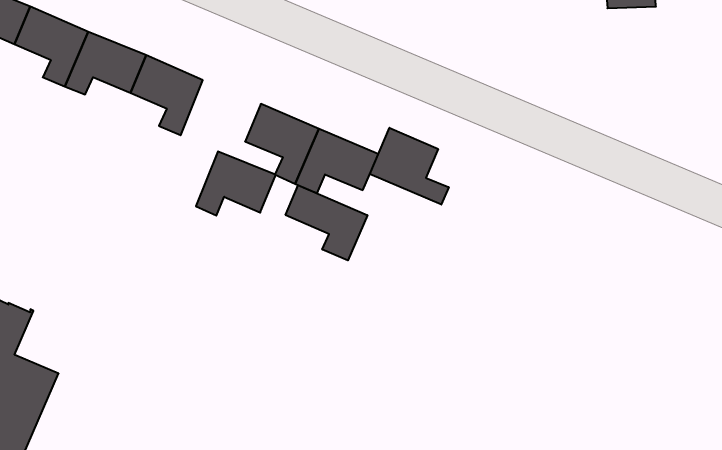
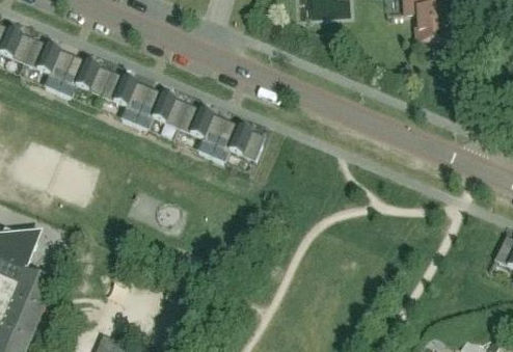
building: [370,128,449,205] -> none
building: [196,151,276,216] -> [135,89,188,132]
building: [286,185,367,260] -> none

